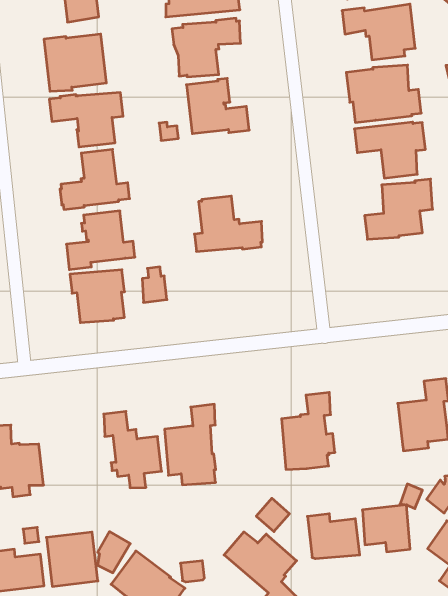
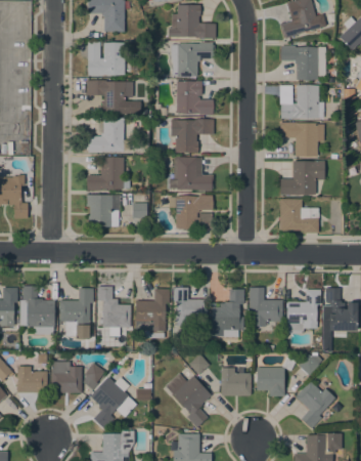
building: none -> [171,118,210,152]
building: none -> [280,198,318,232]
building: none -> [169,195,213,228]
building: none -> [249,287,282,326]
building: none -> [173,287,207,325]
building: none -> [59,287,94,339]

